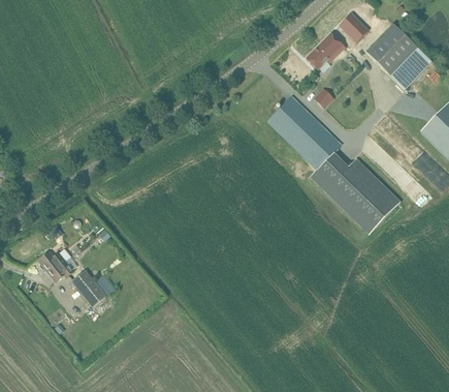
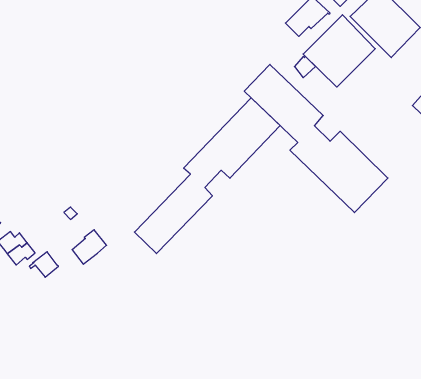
building: none -> [303,15,375,87]
building: none -> [134,98,280,254]
building: [83,275,115,307] -> [72,230,107,264]

